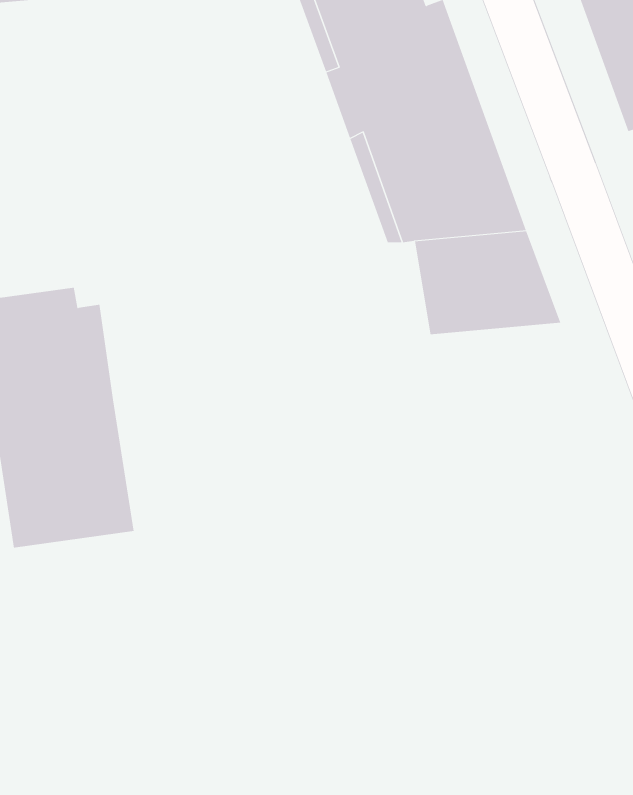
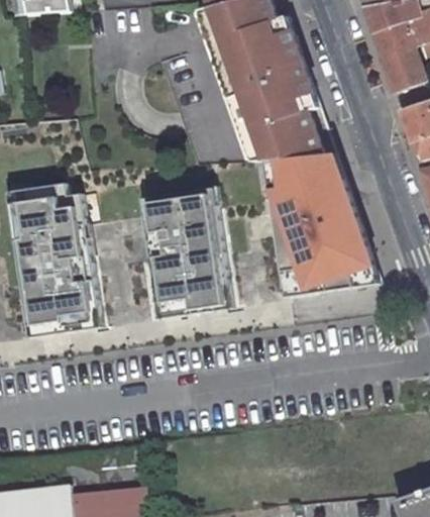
building: none -> [142,187,231,317]
building: none -> [275,203,380,296]

